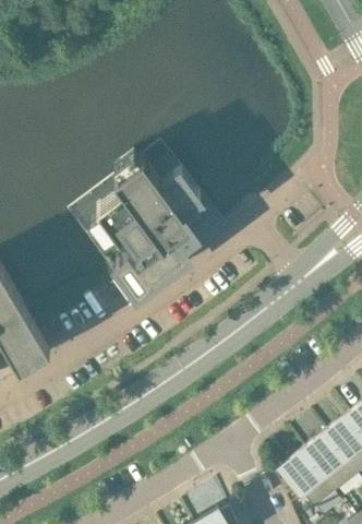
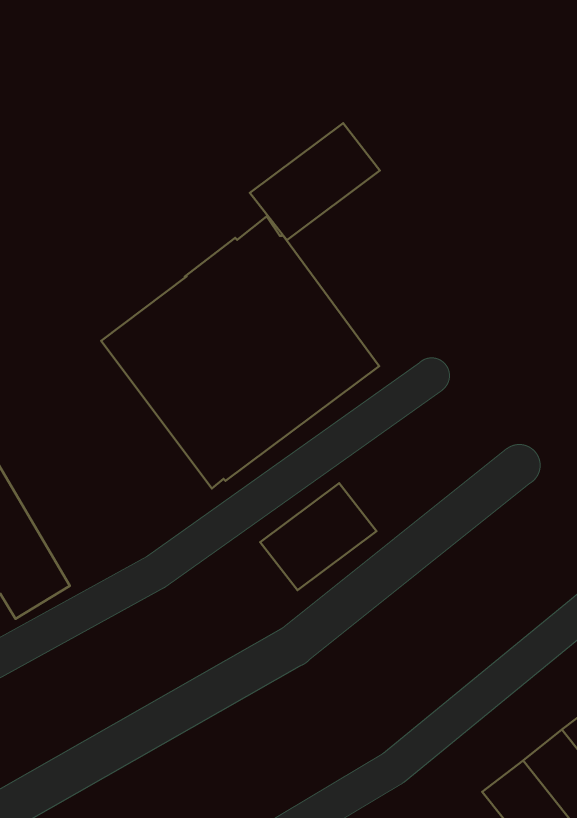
building: none -> [250,123,380,240]
building: none -> [260,483,376,590]

